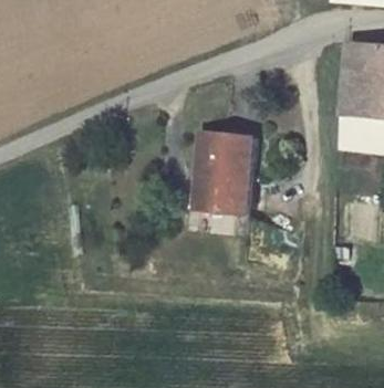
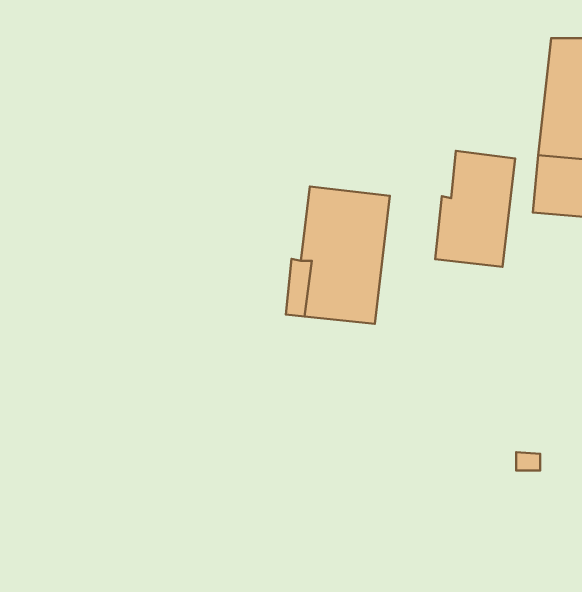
building: none -> [435,151,515,267]

